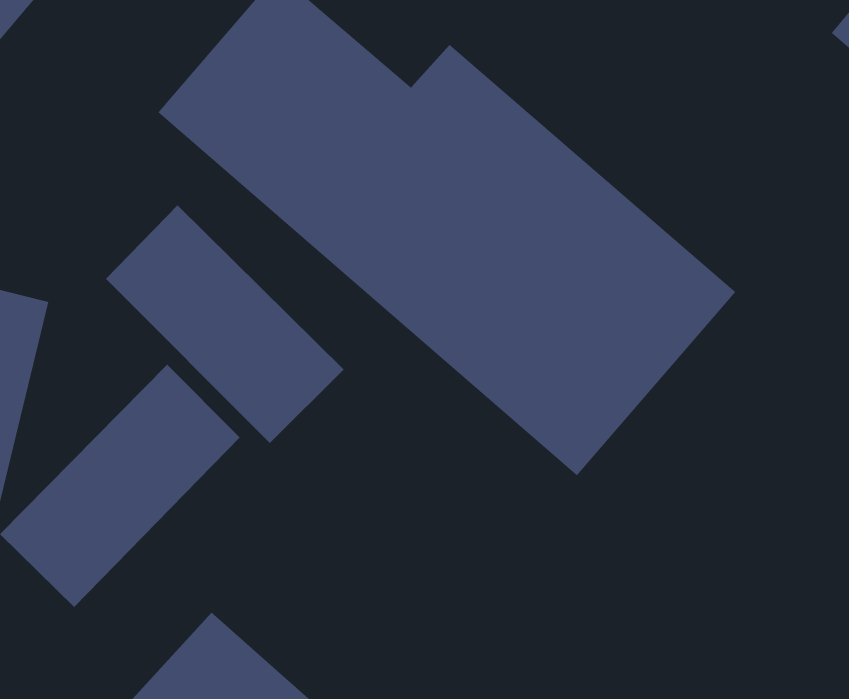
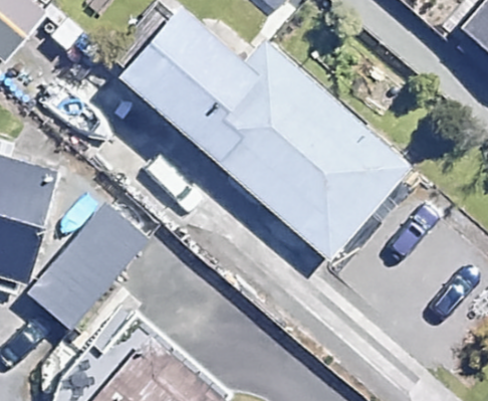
building: [105,205,344,444] -> none

